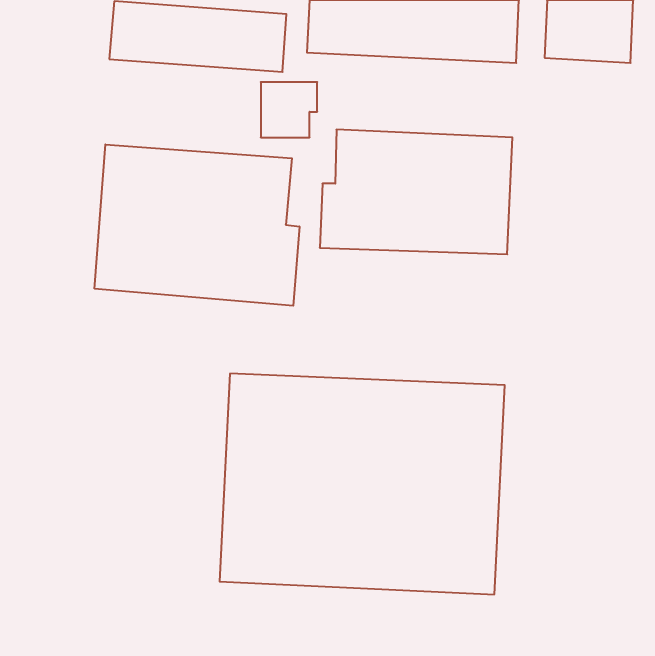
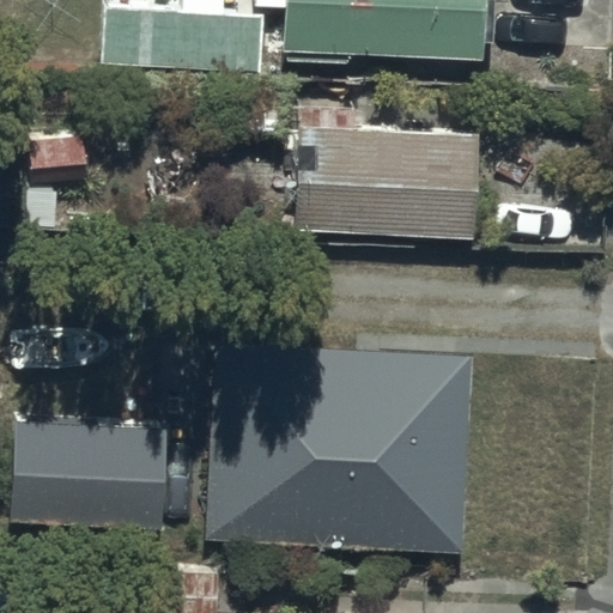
building: [95,144,299,306] -> none
building: none -> [11,421,166,533]

